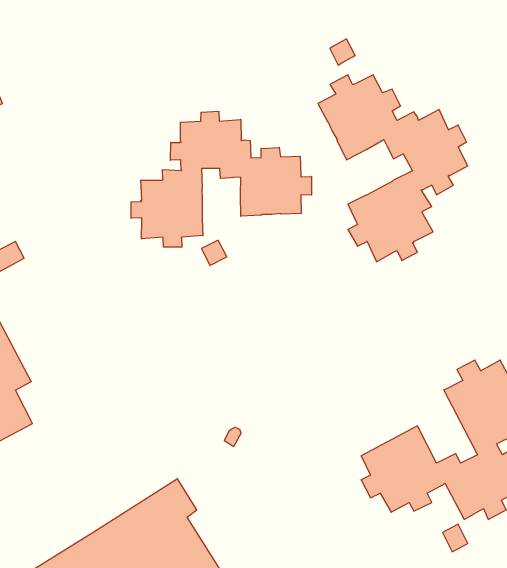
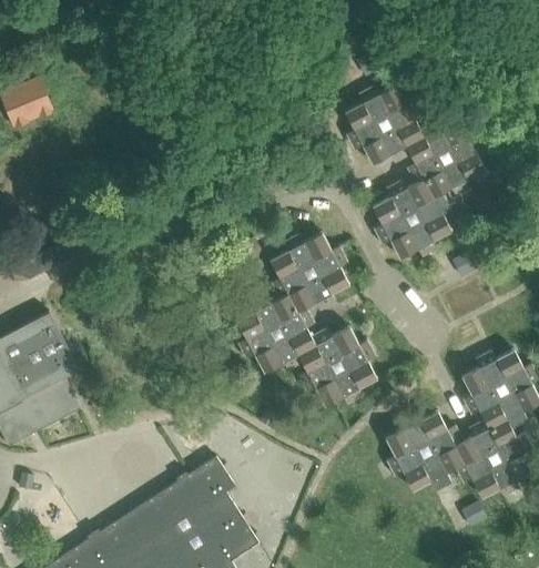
building: [131,111,312,247] -> none
building: none -> [238,232,378,406]

